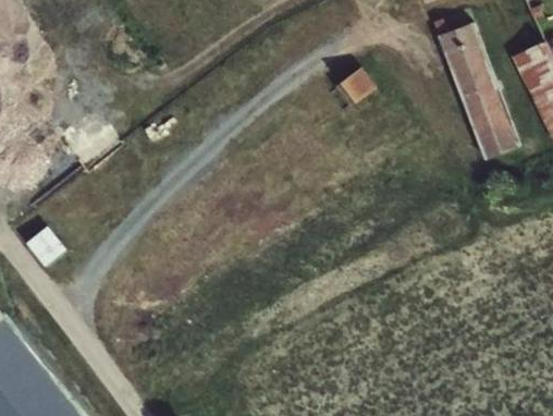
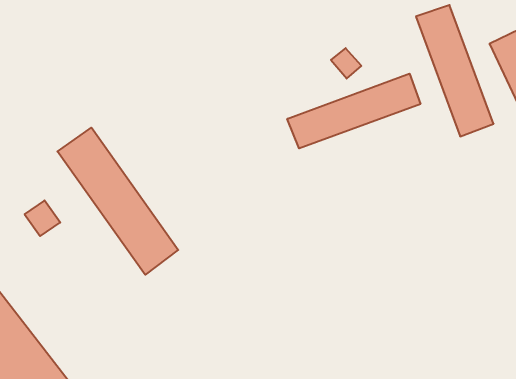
building: none -> [287,74,420,148]
building: none -> [57,128,178,275]

